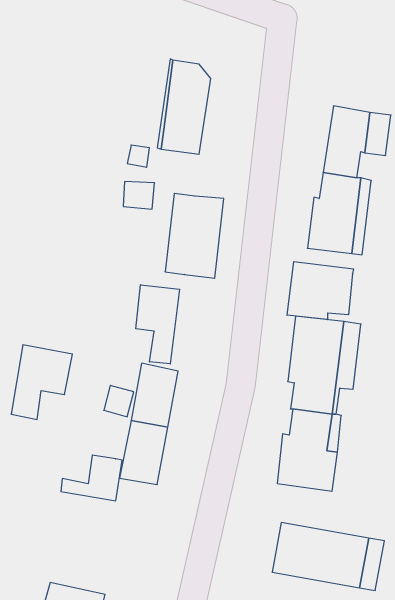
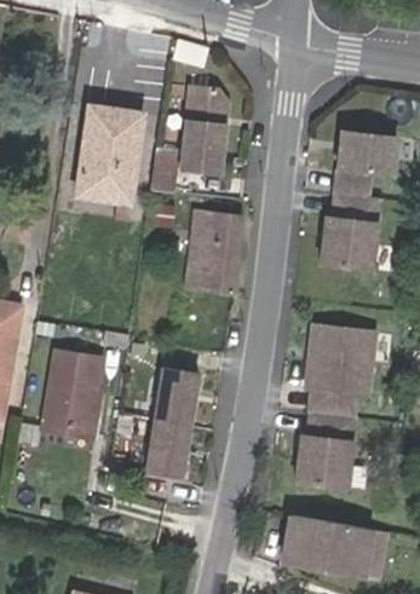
building: none -> [77,105,142,201]
building: [287,262,353,320] -> none
building: [136,285,180,364] -> none
building: [61,455,122,501] -> [42,394,99,437]

